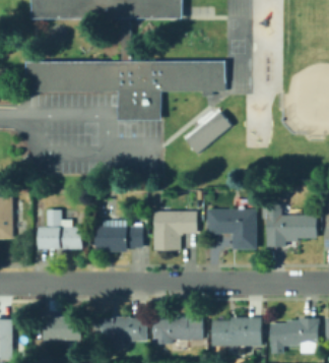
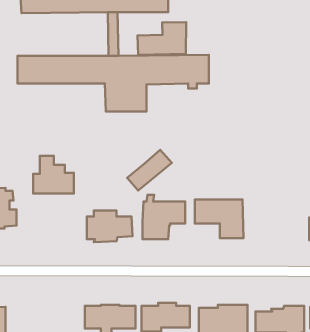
building: none -> [138,22,186,55]
building: [183,110,228,152] -> [127,150,172,191]
building: [266,203,317,246] -> none
building: [40,209,81,248] -> [33,156,74,194]
building: [45,315,82,340] -> none

